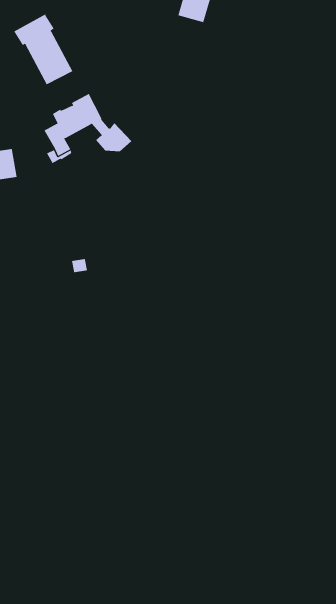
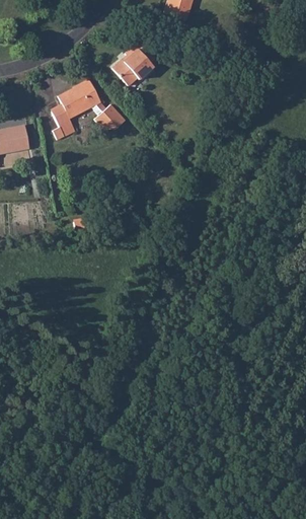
building: [14,13,73,85] -> none
building: none -> [111,39,156,85]

